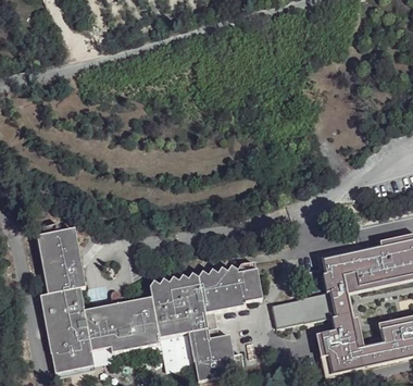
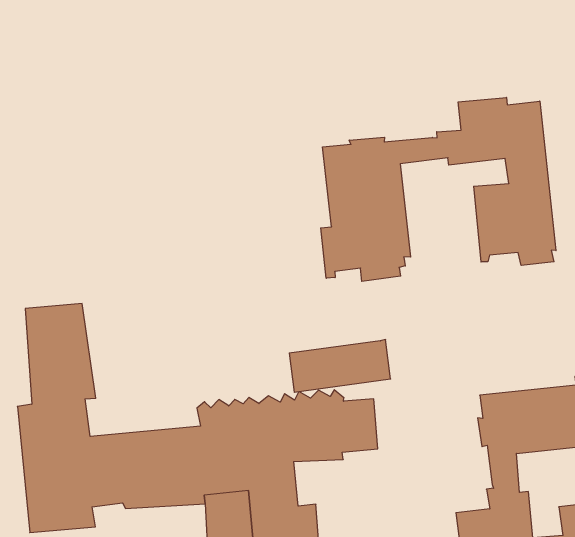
building: none -> [321,97,556,281]
building: [272,289,336,327] -> [289,340,391,392]

